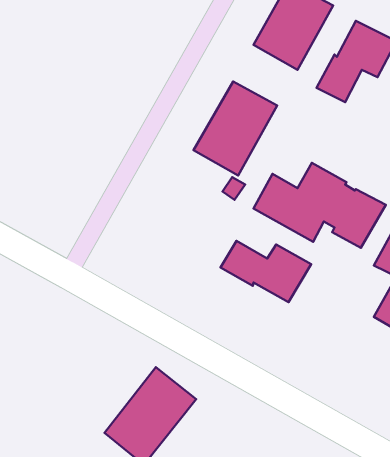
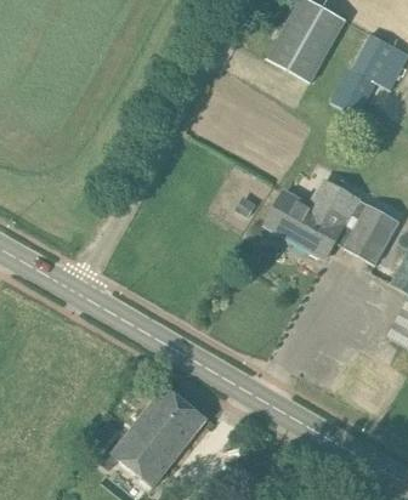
building: [194,81,277,175] -> none
building: [220,241,311,302] -> none

